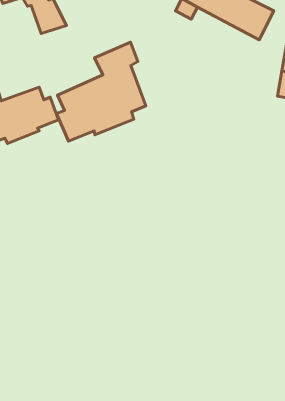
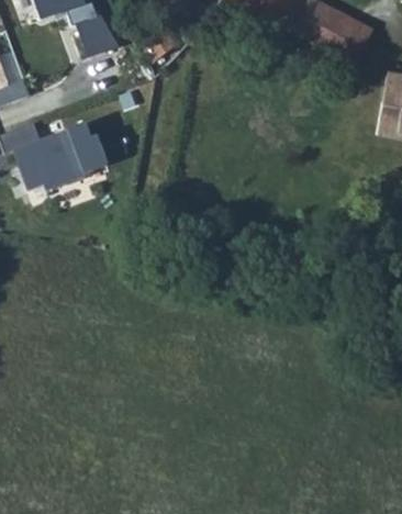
building: [56,42,146,141] -> none

